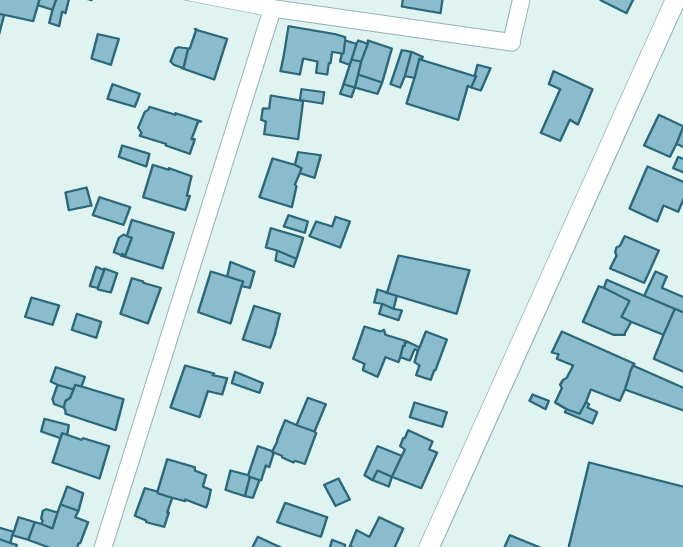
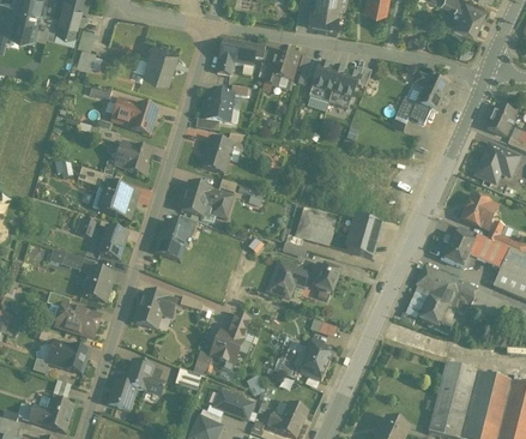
building: none -> [346,220,381,259]
building: [243,306,280,348] -> [181,182,208,214]
building: none -> [80,266,113,302]

